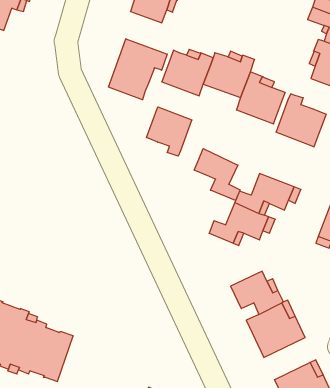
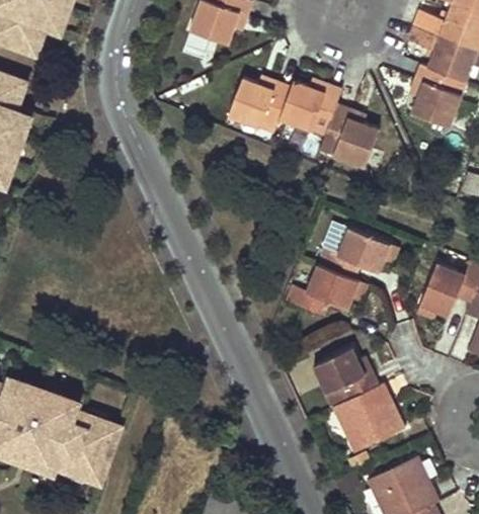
building: [108,39,167,100] -> none
building: [276,94,326,147] -> none
building: [147,107,192,156] -> none
building: [194,149,240,201] -> none

